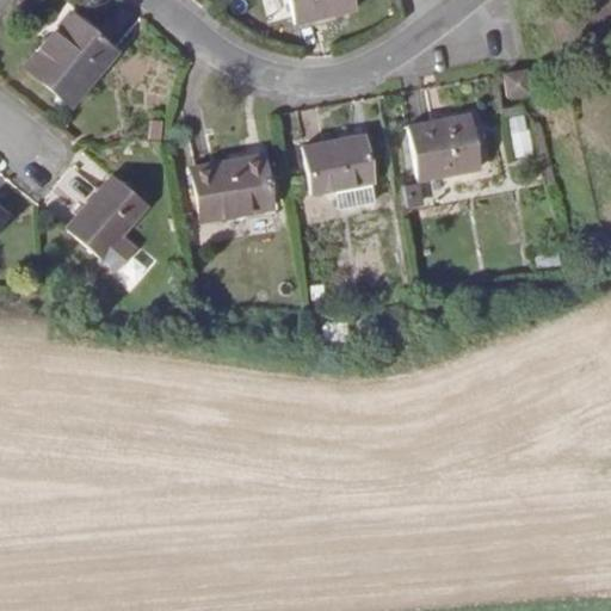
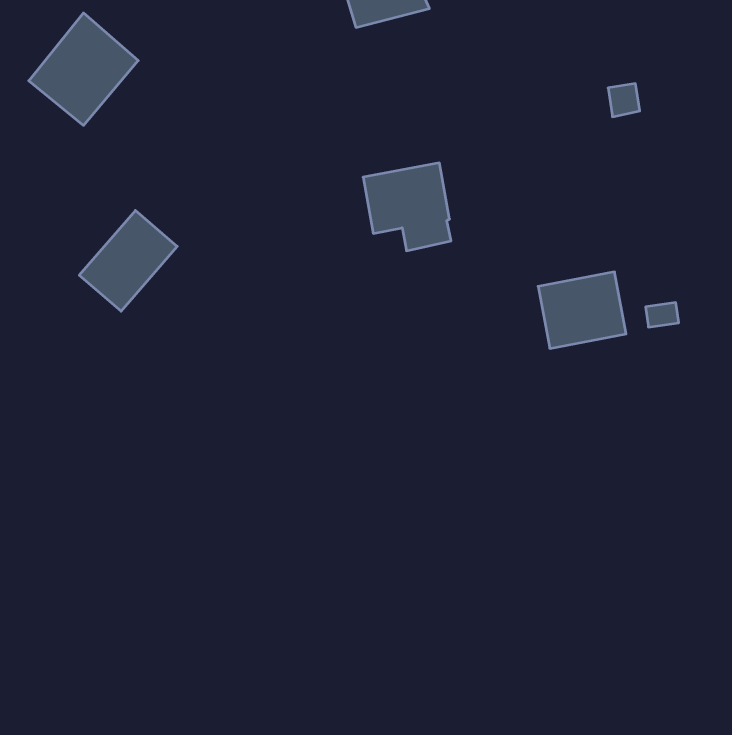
building: [411,115,483,178] -> [538,272,626,348]
building: [193,155,274,220] -> none

